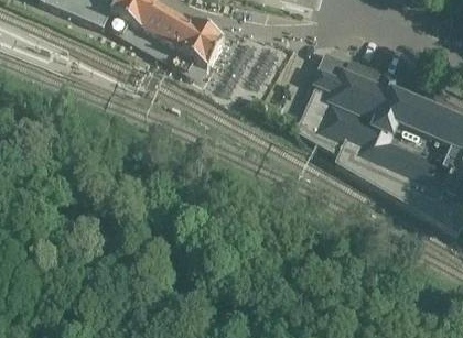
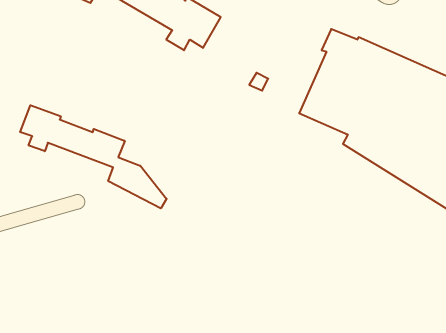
building: none -> [20,105,167,208]

